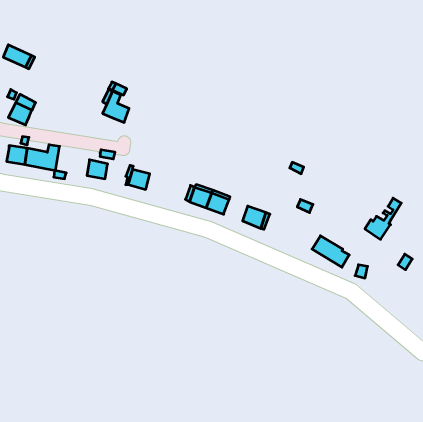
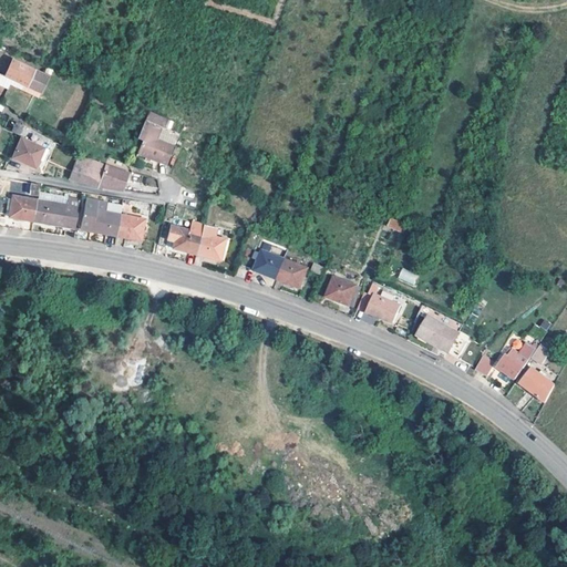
building: none -> [68,155,126,188]
building: none -> [82,197,120,235]
building: none -> [195,233,225,260]
building: [365,198,401,239] -> [494,322,543,378]
building: none -> [365,293,400,322]
building: none -> [520,367,555,400]

